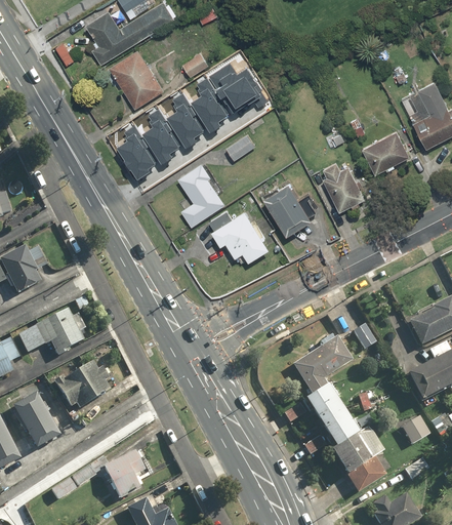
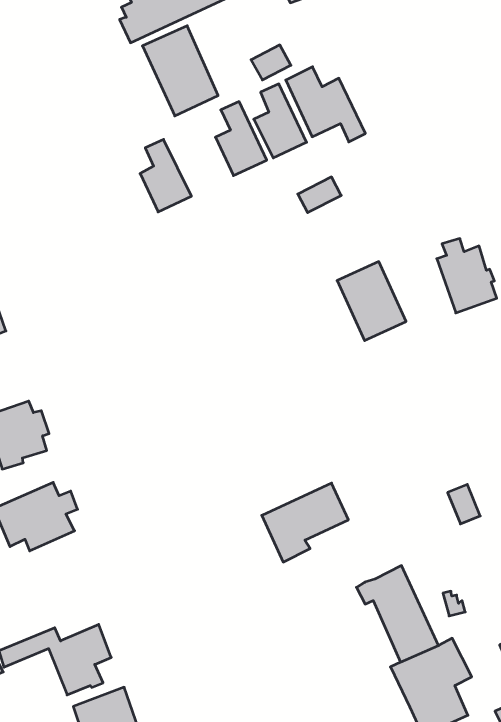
building: [143,109,179,157] -> none
building: [178,161,224,226] -> none
building: [207,211,269,264] -> none
building: [293,337,351,394] -> [262,483,348,562]

